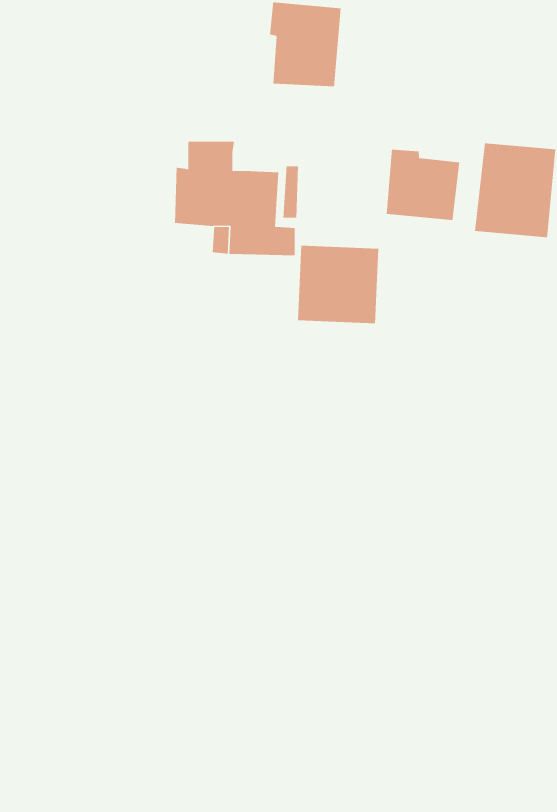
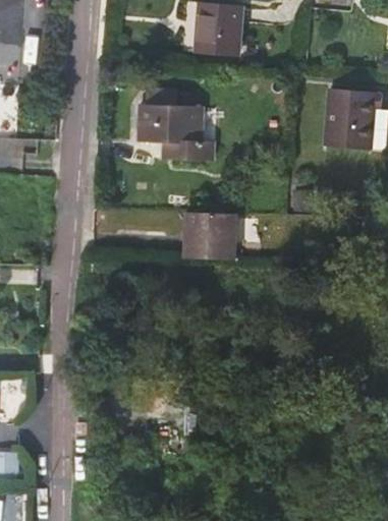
building: [386,149,460,221] -> none
building: [297,245,379,324] -> [184,212,235,260]

